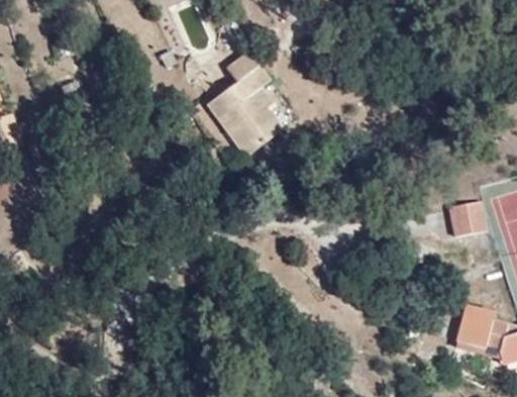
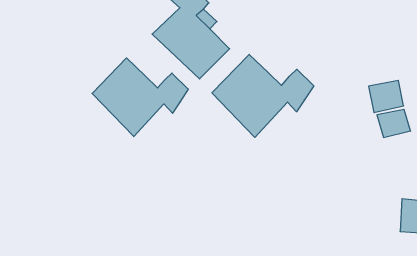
building: none -> [92,58,188,137]
building: none -> [212,54,314,137]

